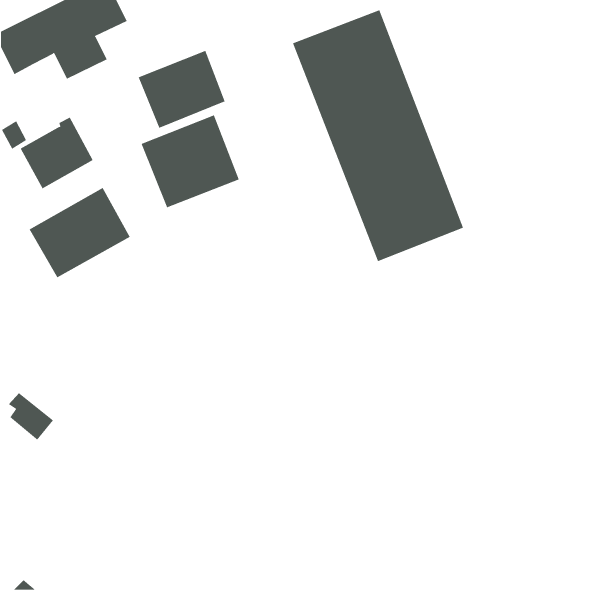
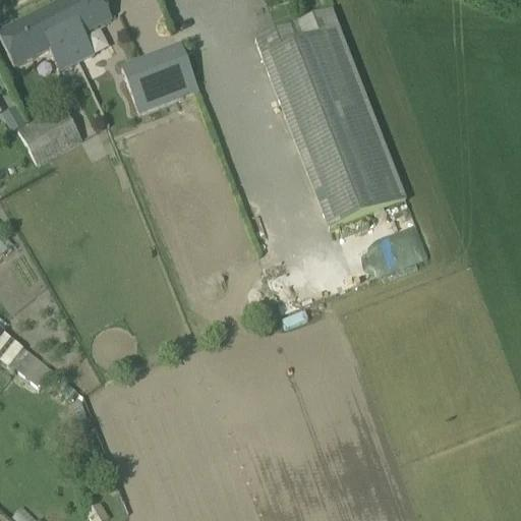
building: [141,114,240,208] -> none
building: [29,187,130,278] -> none

